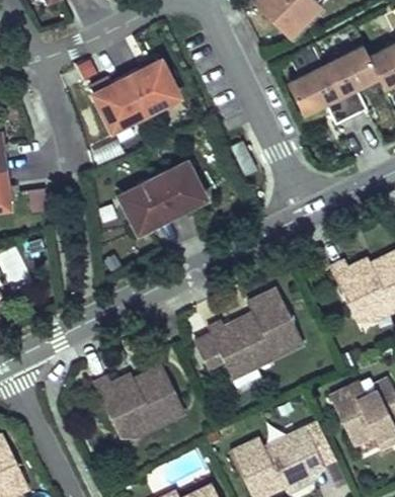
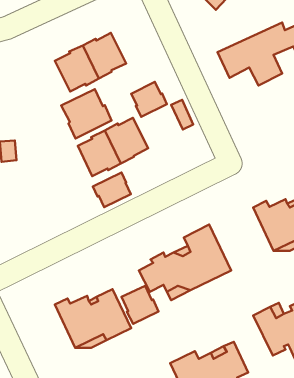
building: none -> [131,82,167,117]
building: none -> [61,89,112,139]
building: none -> [93,172,131,207]
building: none -> [122,286,159,324]

